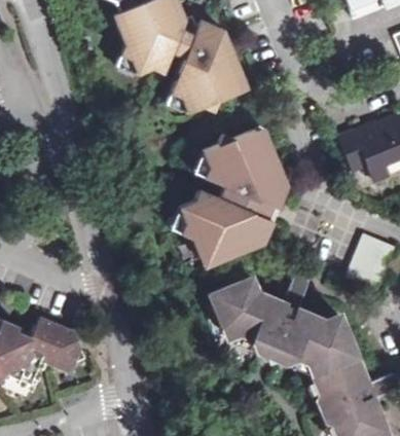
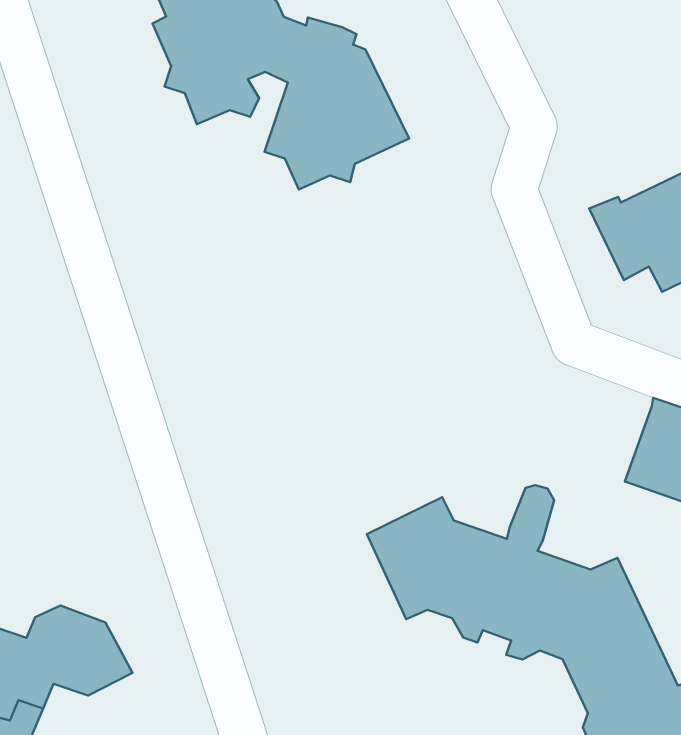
building: [181,130,288,263] -> none

